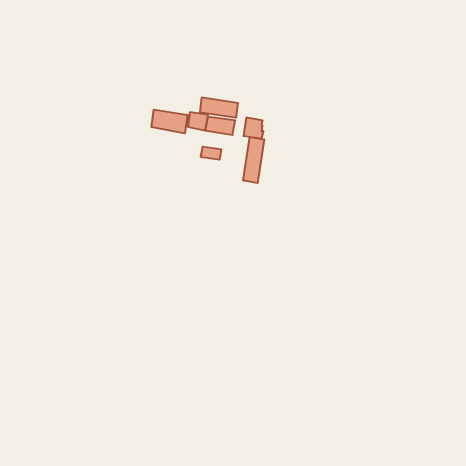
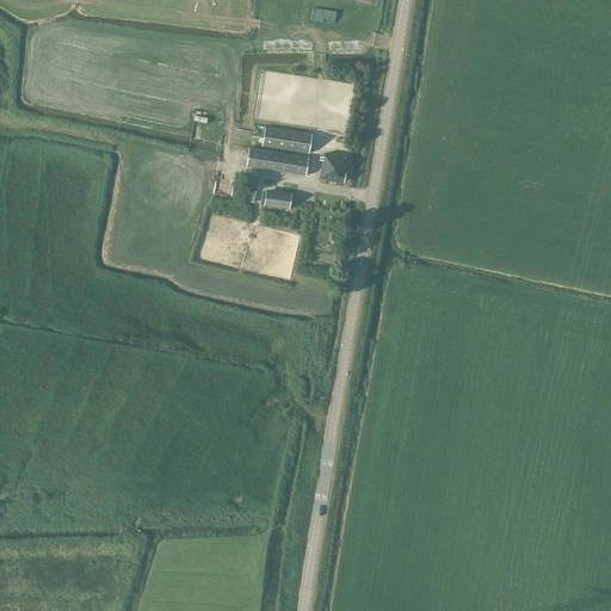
building: [152,110,187,133] -> none
building: [243,137,264,183] -> none

